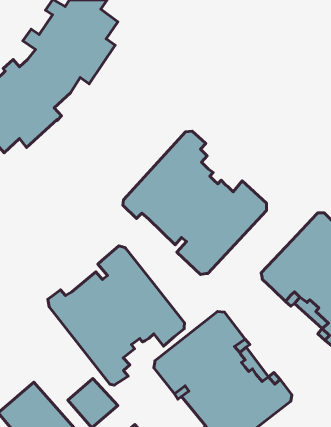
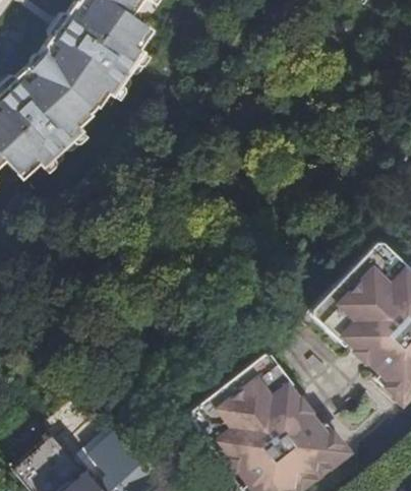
building: [123,131,266,274] -> none
building: [48,246,185,385] -> none

